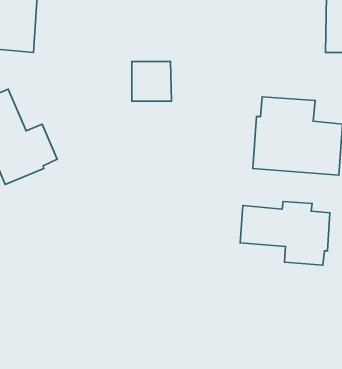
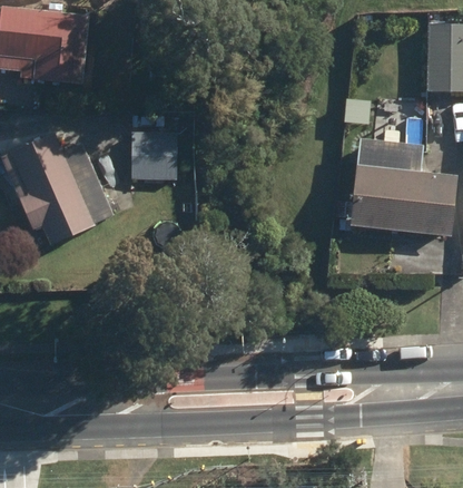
building: [132,62,172,101] -> [132,124,179,170]
building: [240,201,330,265] -> none

